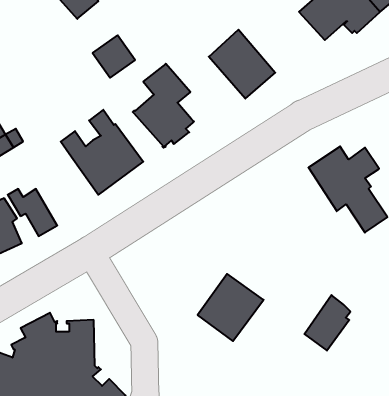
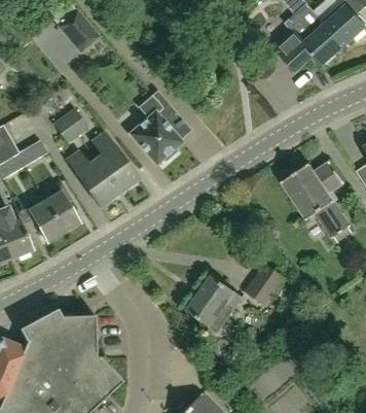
building: [209,30,275,99] -> none
building: [93,35,135,78] -> [53,109,90,146]
building: none -> [44,181,79,232]
building: [304,295,350,351] -> [246,256,286,305]

